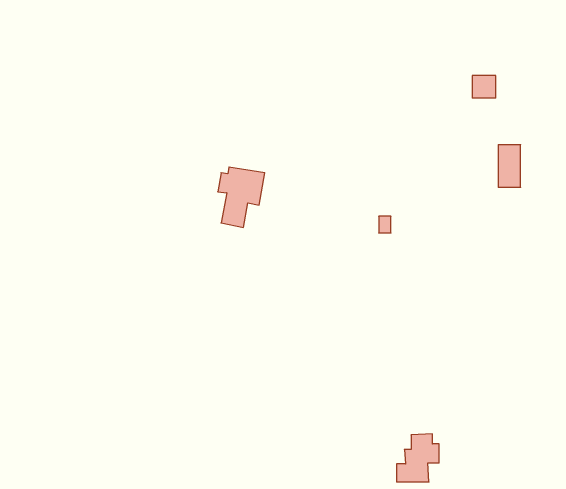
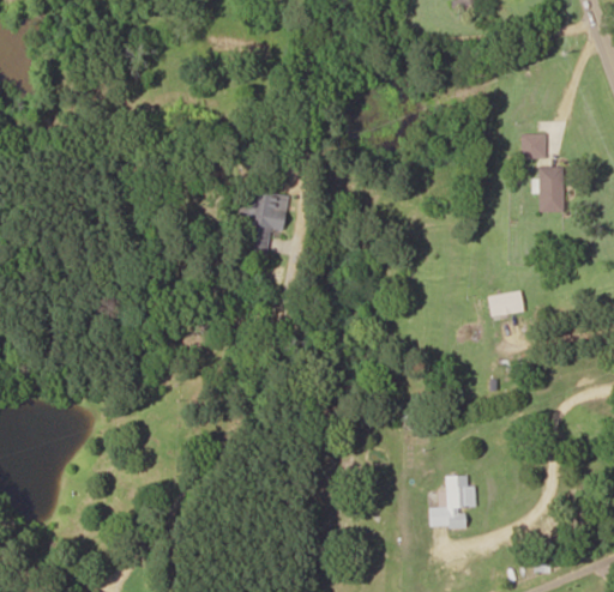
building: [472,76,496,98] -> [520,133,546,157]
building: none -> [487,291,524,318]

